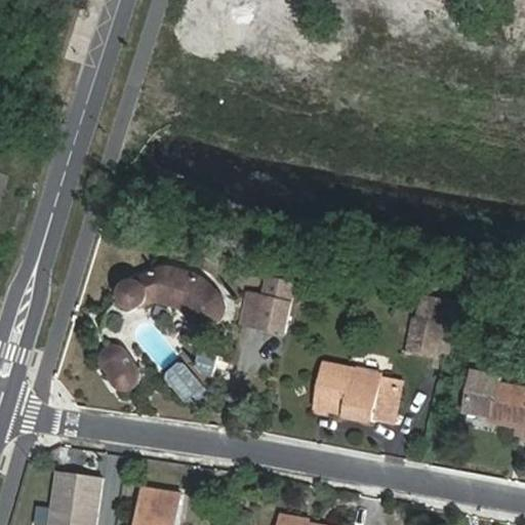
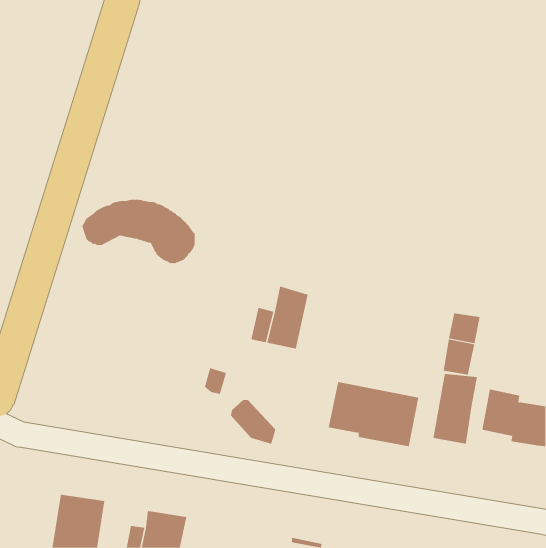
building: [116,266,225,327] -> [81,199,195,264]
building: [96,346,136,388] -> none
building: none -> [433,373,478,445]
building: [162,361,206,404] -> [230,399,276,444]

